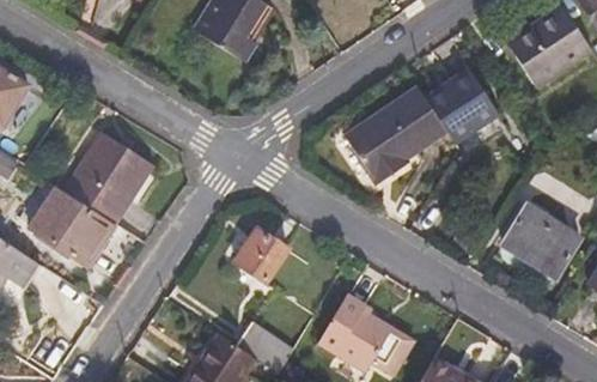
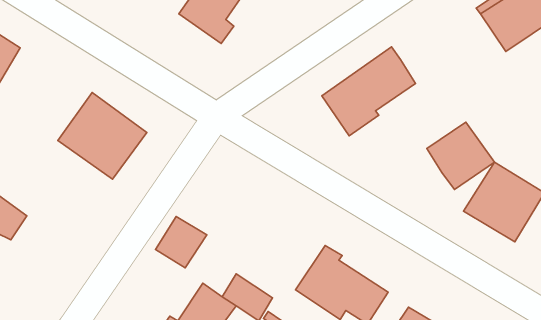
building: [427,69,498,140] -> [427,122,494,189]
building: [30,186,116,265] -> none
building: [233,226,287,280] -> [155,217,207,268]

